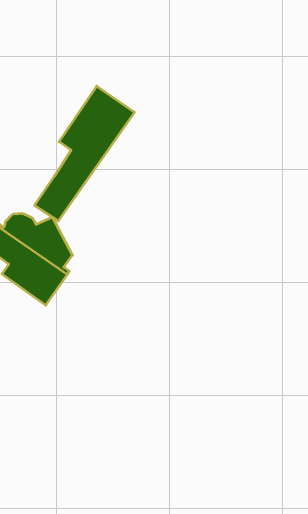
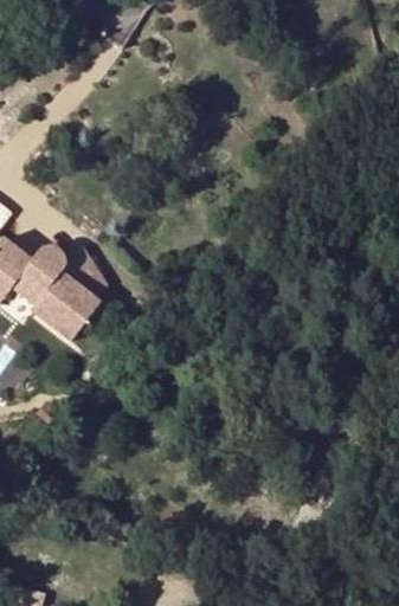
building: [35,86,134,221] -> none

